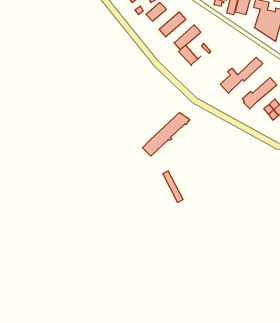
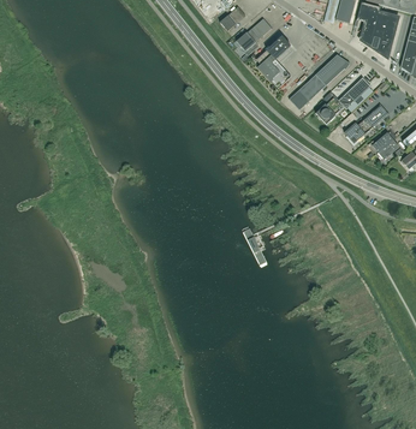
building: [142,113,190,156] -> [290,53,351,109]

